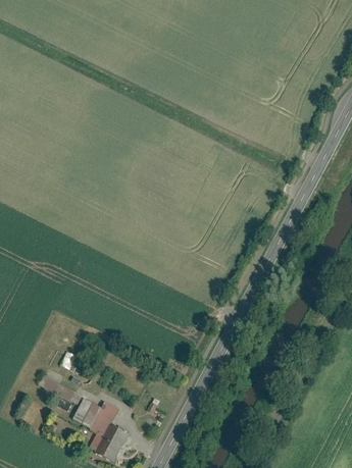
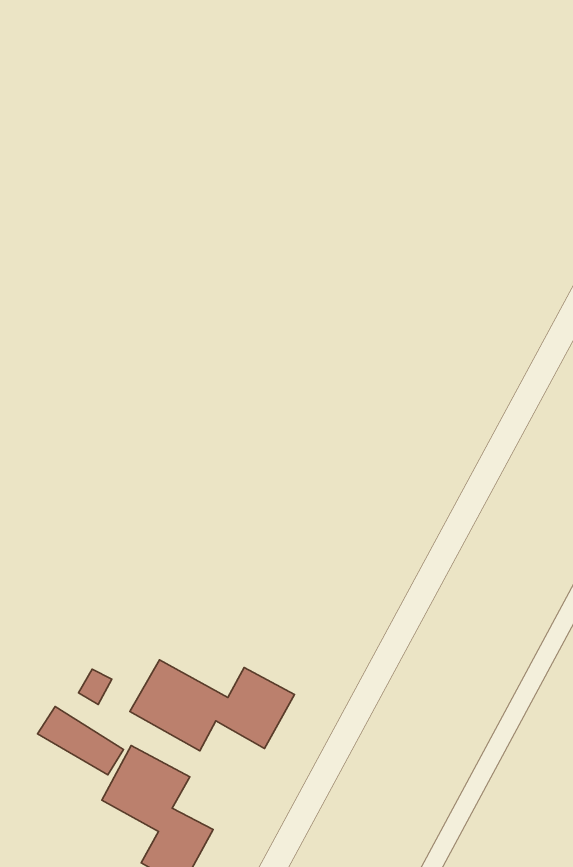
building: none -> [130,660,294,751]

